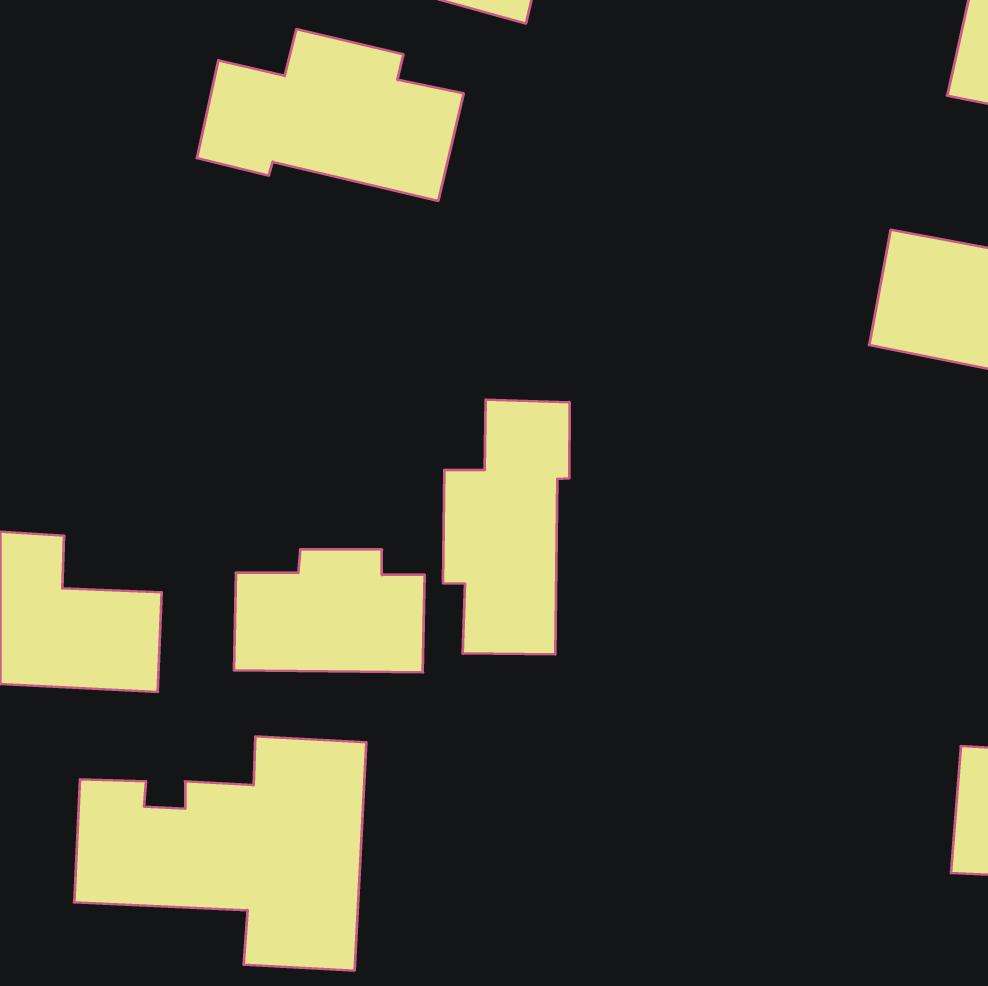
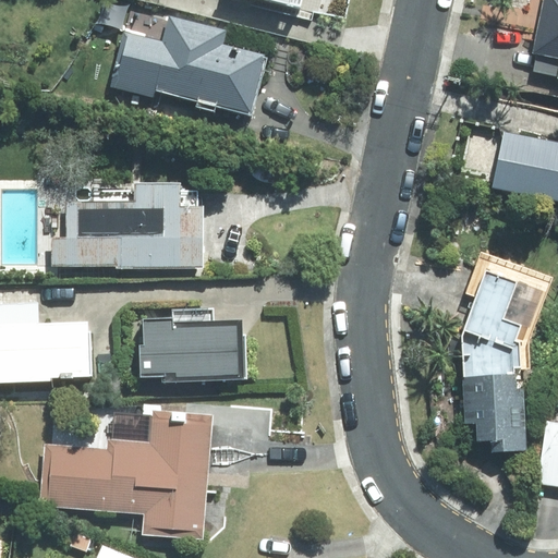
building: none -> [51,183,203,269]
building: [443,400,569,654] -> none
building: none -> [453,258,541,450]

